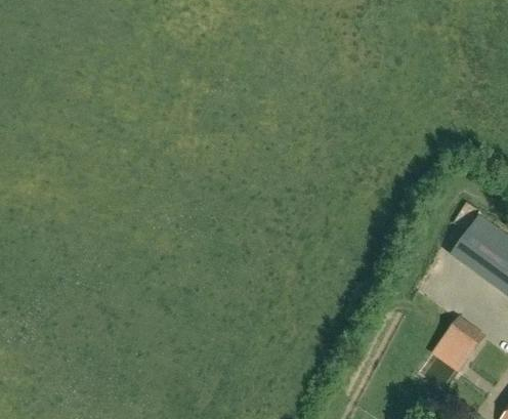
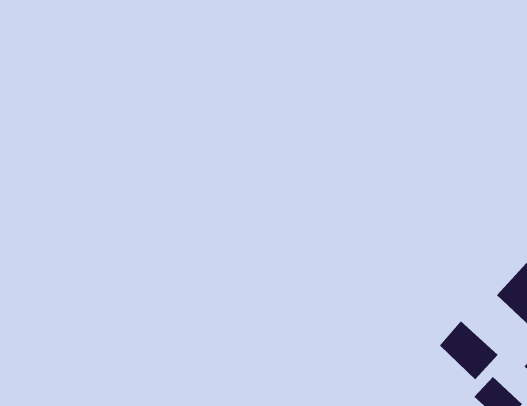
building: none -> [439,320,499,380]

